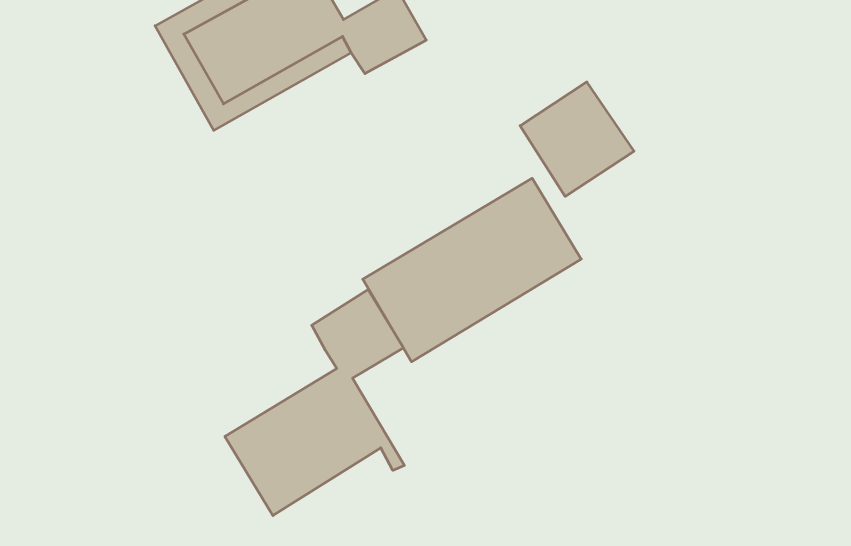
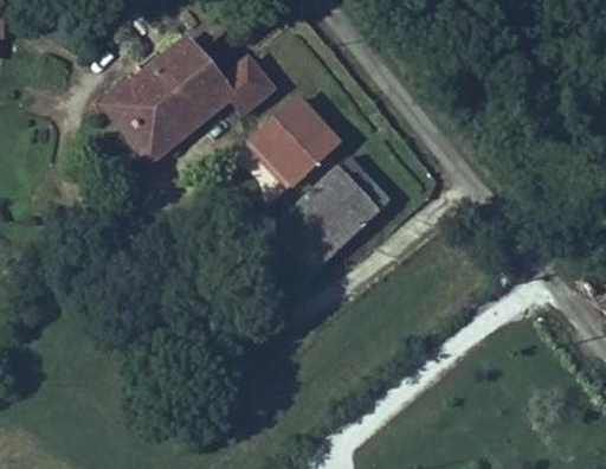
building: [520,82,634,196] -> [254,105,329,180]
building: [225,289,404,516] -> none

